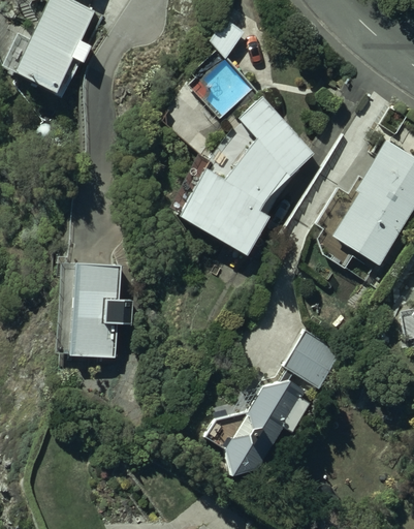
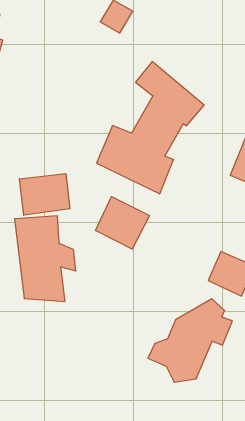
building: none -> [19,174,70,215]
building: none -> [96,197,150,249]

